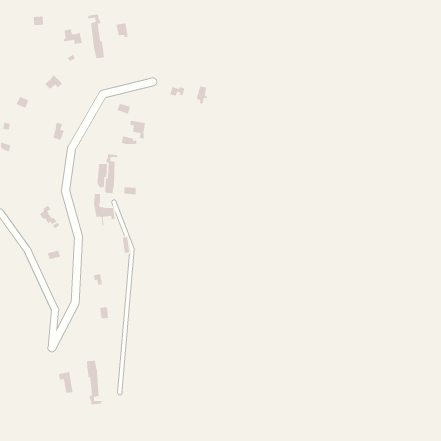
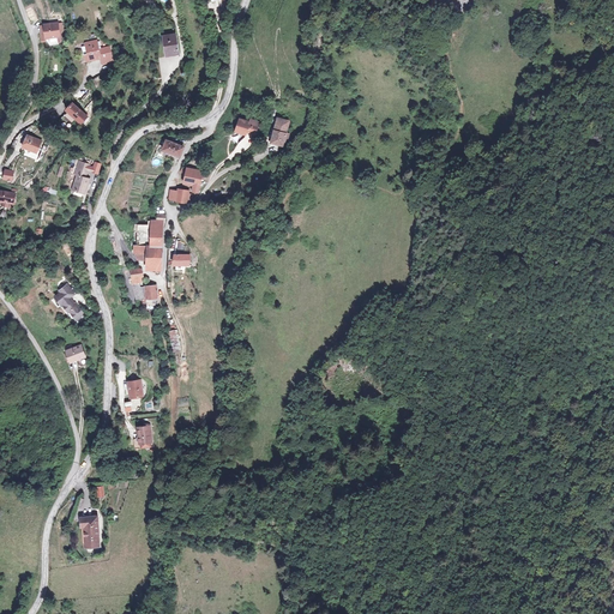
building: [87,14,105,59] -> none
building: [86,360,102,405] -> none

